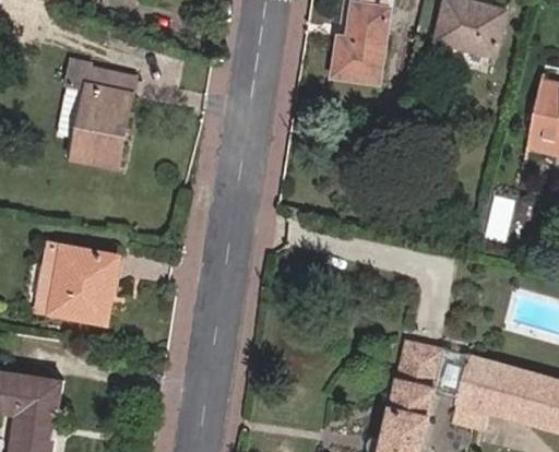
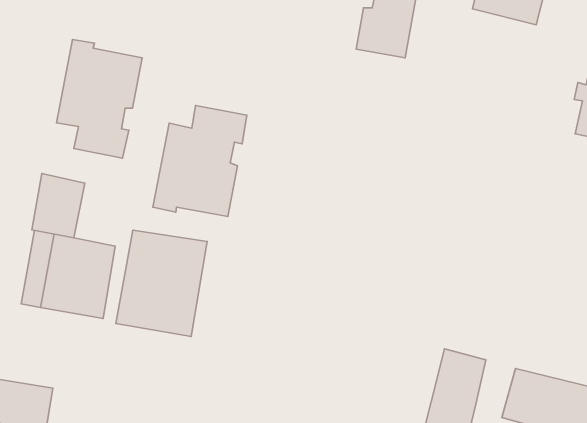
building: none -> [153,106,247,216]
building: none -> [32,174,85,238]
building: none -> [116,230,207,337]

